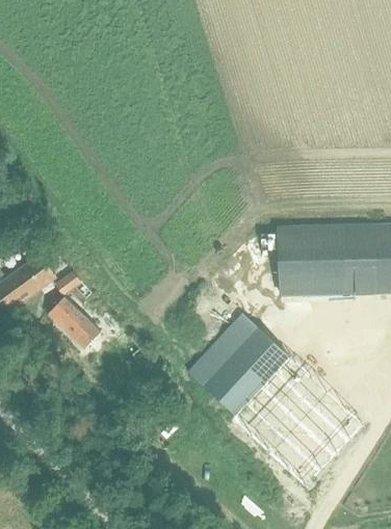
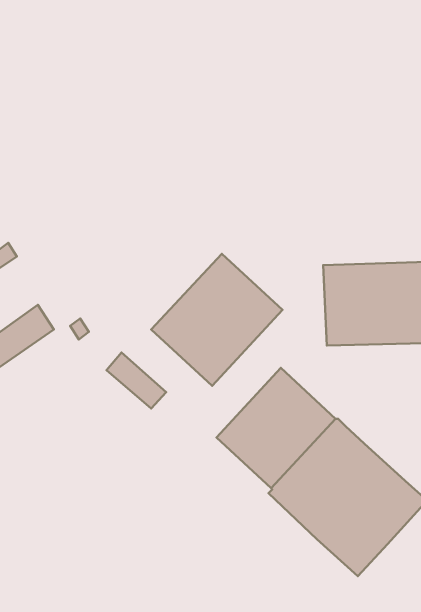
building: none -> [151,254,282,386]
building: [51,301,101,348] -> [107,353,166,408]

